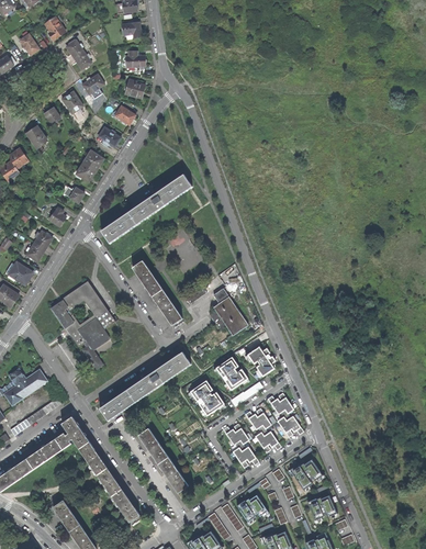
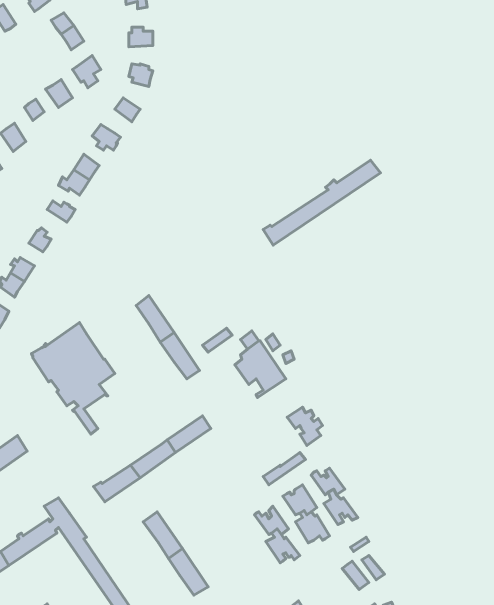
building: [100,176,191,242] -> [263,160,380,245]
building: [217,357,249,390] -> none
building: [190,380,224,415] -> none

